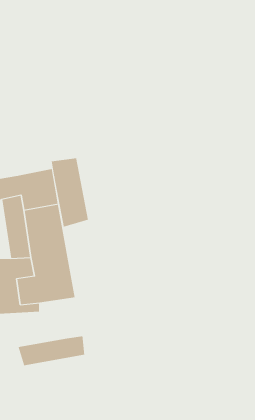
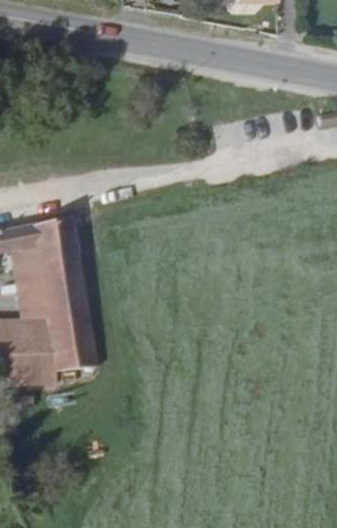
building: [51,158,89,227] -> none
building: [18,335,85,366] -> none

